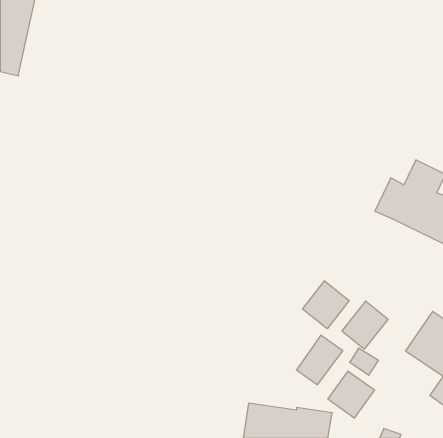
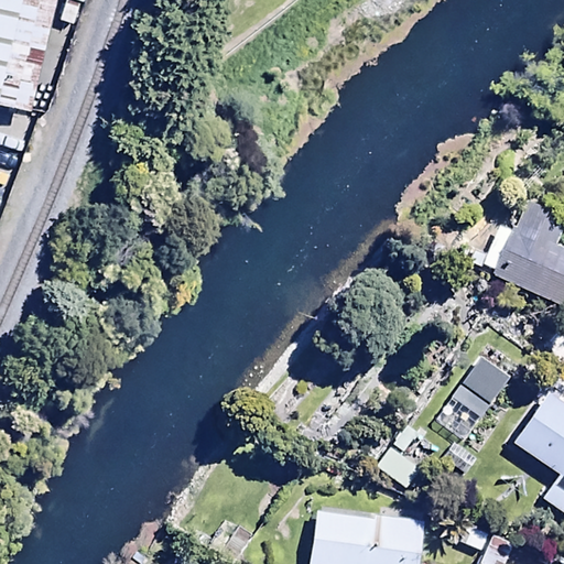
building: [302,281,349,329] -> none
building: [328,371,375,418] -> none

